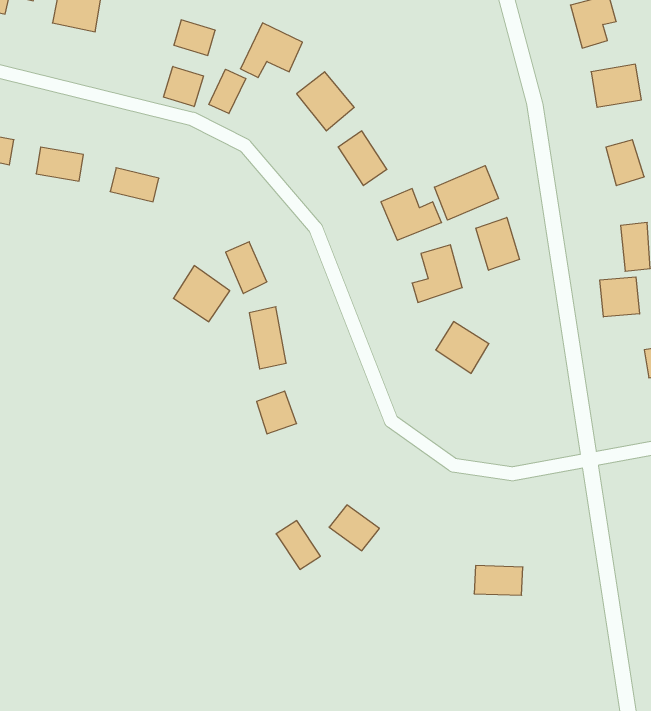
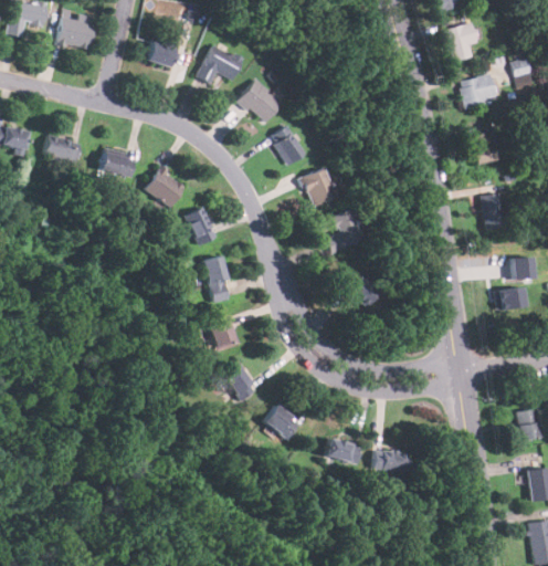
building: [164,66,203,107] -> none
building: [209,69,246,114] -> none
building: [434,166,498,220] -> none
building: [476,217,519,270] -> none
building: [173,266,230,322] -> [144,167,186,209]
building: [600,277,640,317] -> none
building: [276,521,320,569] -> [223,365,256,401]
building: none -> [325,438,360,464]

